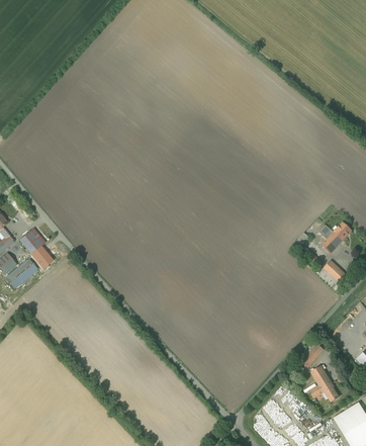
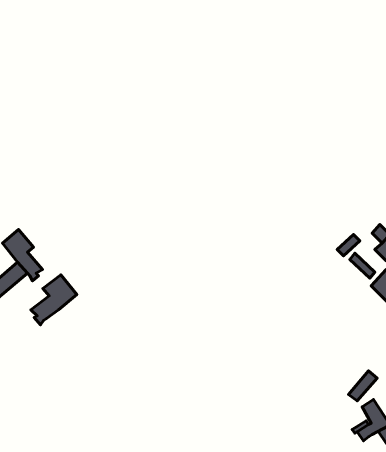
building: none -> [31,275,77,325]

